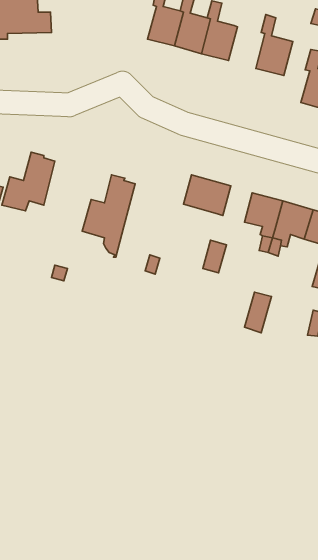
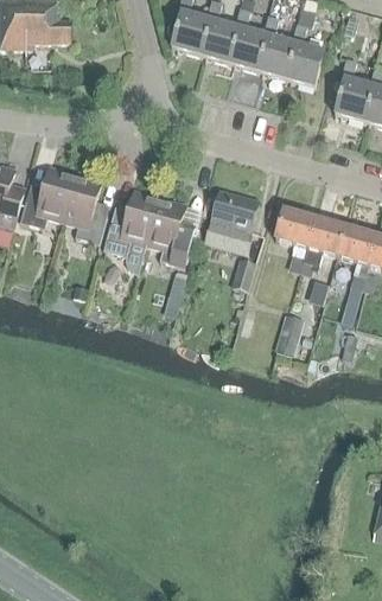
building: none -> [257,13,295,77]
building: none -> [63,174,107,242]
building: none -> [147,198,195,266]
building: none -> [204,219,243,250]

